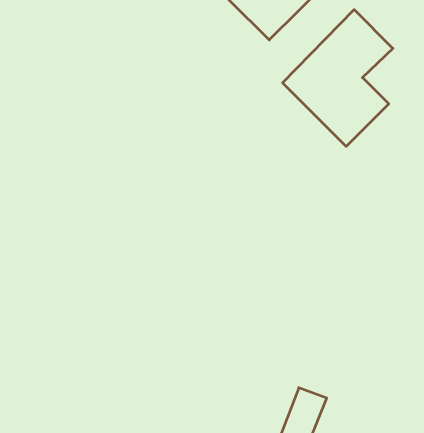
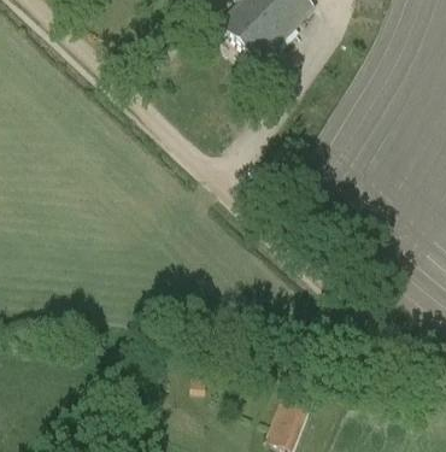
building: [283,10,393,146] -> none

